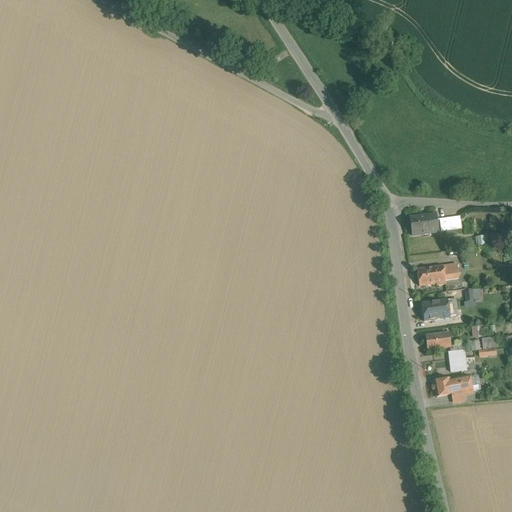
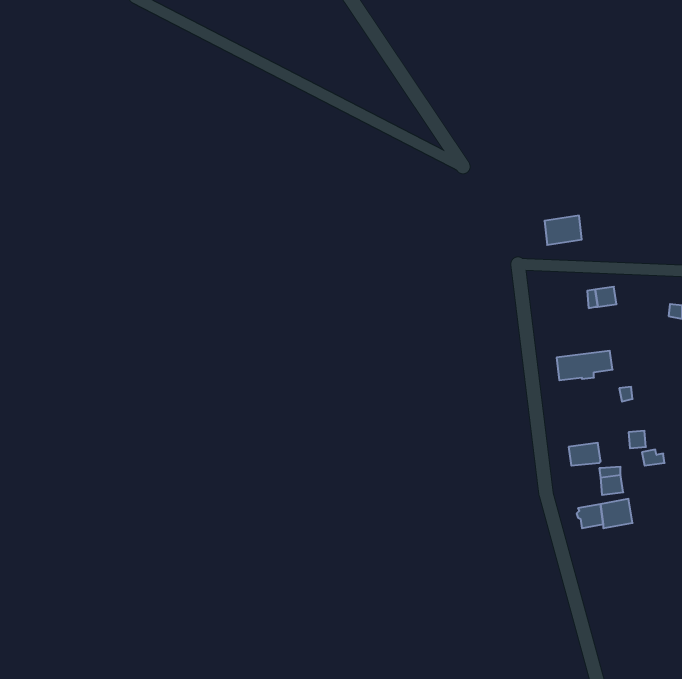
building: [410,213,438,235] -> [544,216,582,245]
building: [421,298,458,320] -> none

